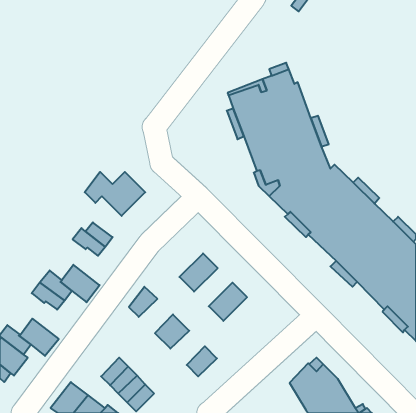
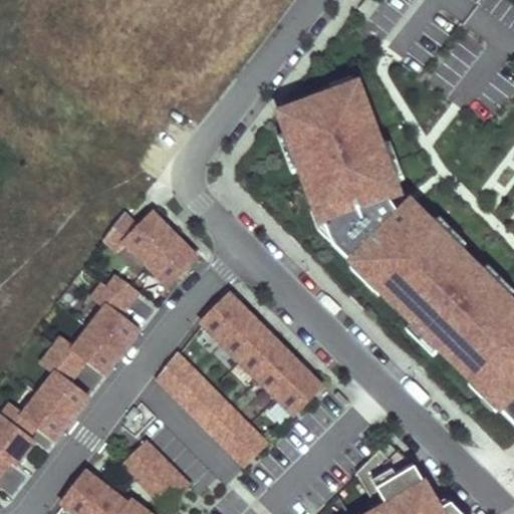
building: none -> [150,237,198,285]
building: none -> [202,293,250,341]
building: none -> [90,305,140,351]
building: none -> [239,330,286,377]
building: none -> [275,366,322,415]
building: none -> [171,368,213,411]
building: none -> [40,371,88,418]
building: none -> [210,408,252,450]

